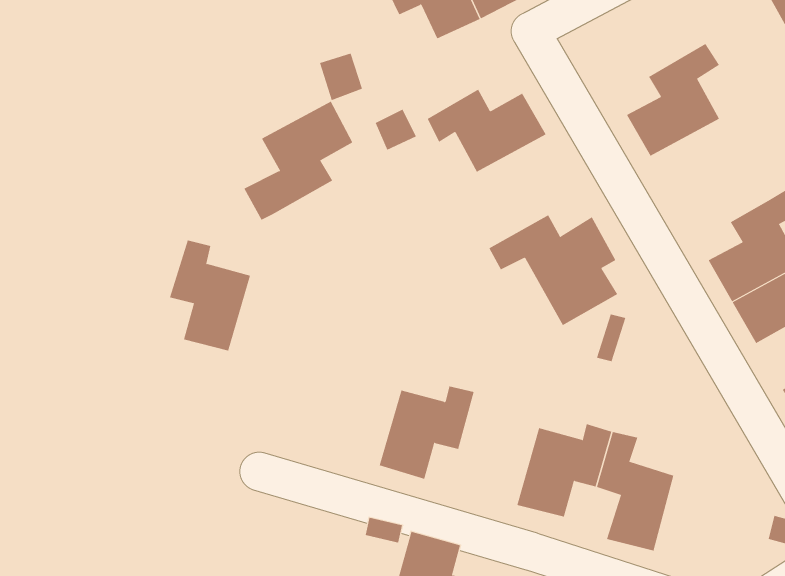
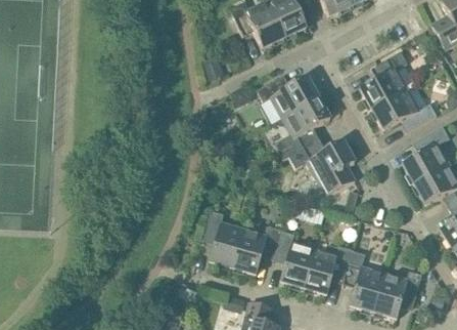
building: [243,101,353,220] -> [274,97,330,159]
building: none -> [372,89,437,131]
building: [169,240,251,351] -> [202,210,244,267]
building: none -> [274,230,315,288]
building: none -> [374,270,422,319]

